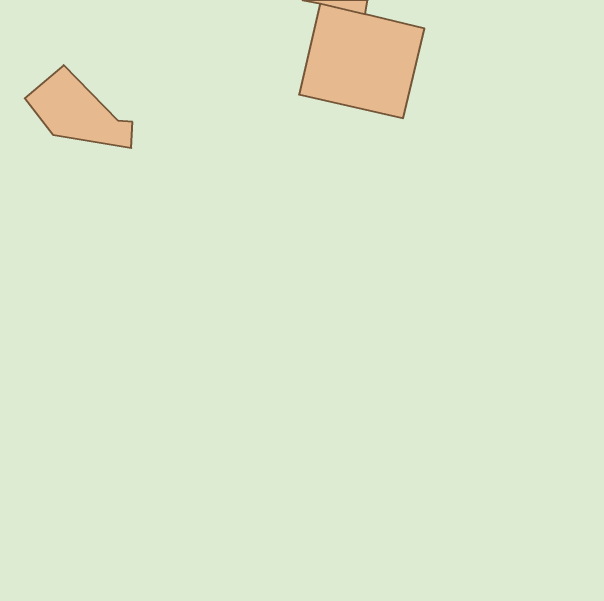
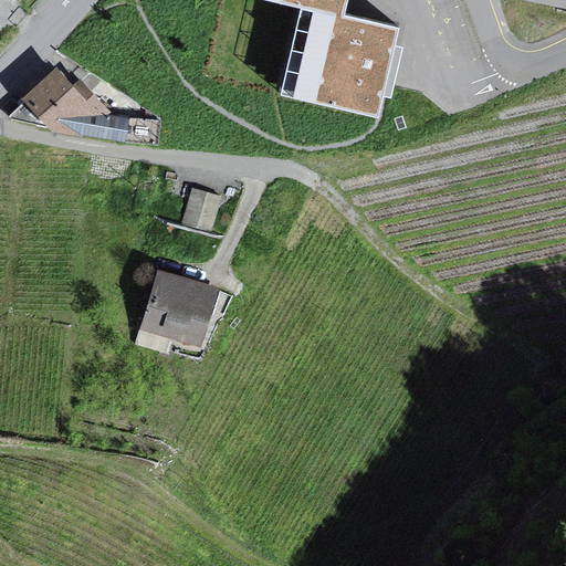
building: none -> [182,190,221,237]
building: none -> [139,269,214,346]

